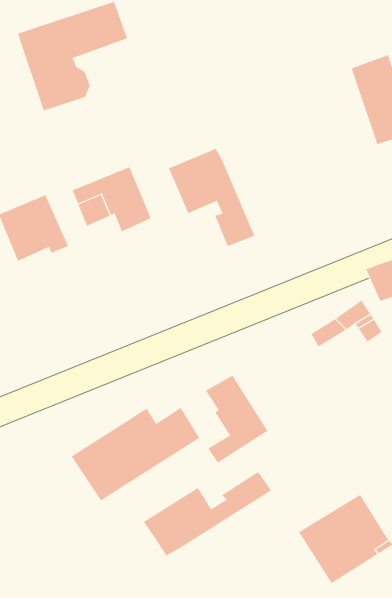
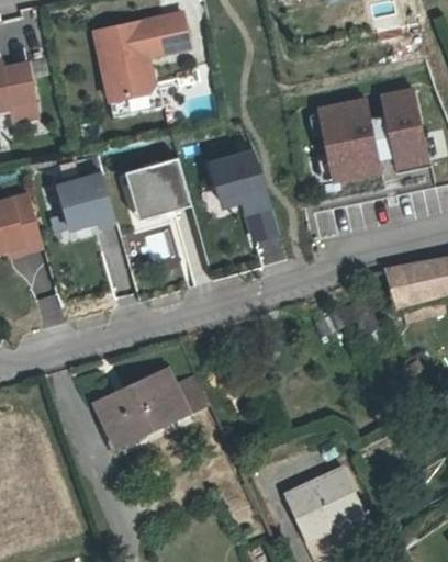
building: none -> [316,99,381,180]
building: [205,375,268,463] -> none
building: [143,471,272,556] -> none

